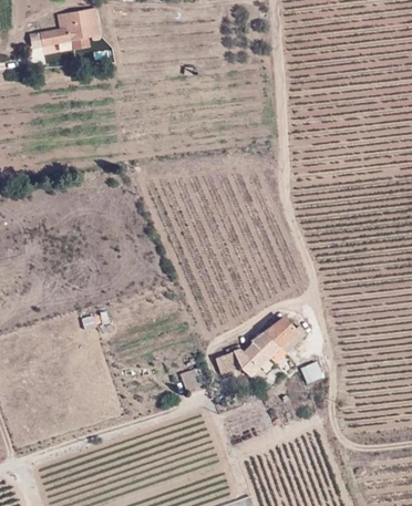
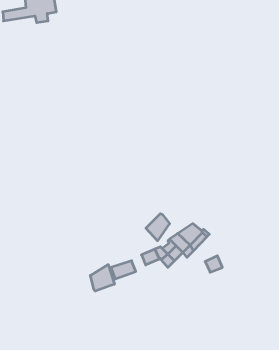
building: none -> [146,214,170,241]
building: none -> [90,265,114,291]

